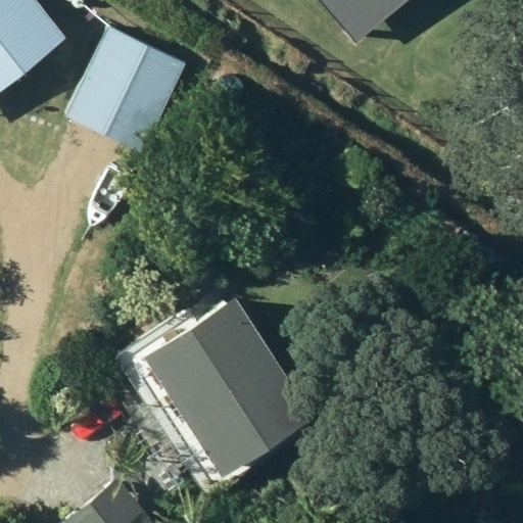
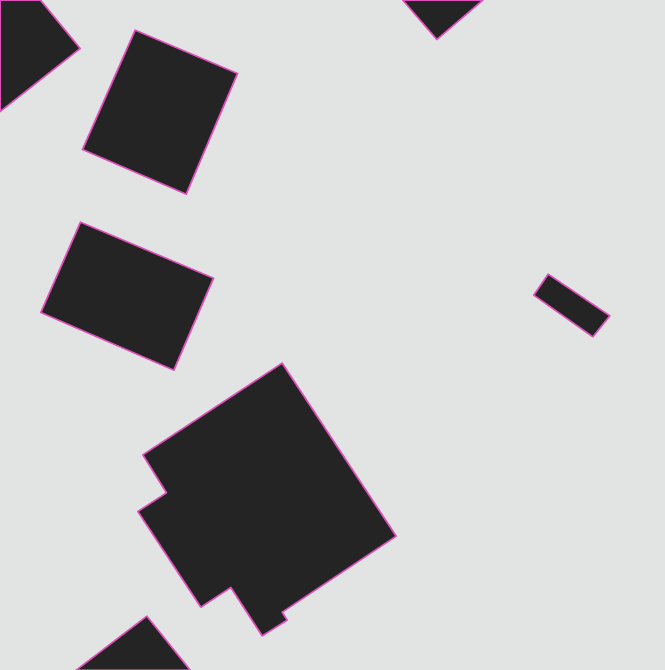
building: none -> [41,222,213,370]

